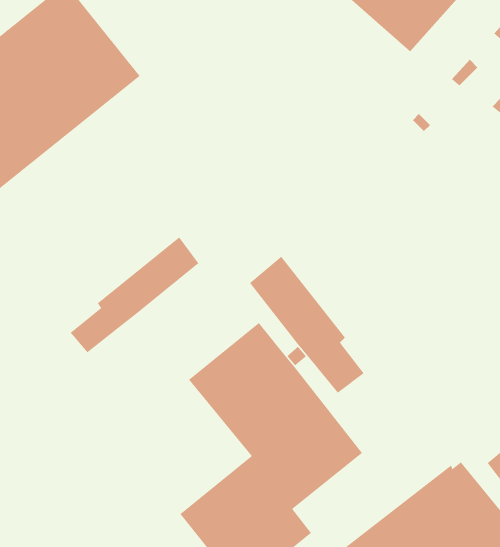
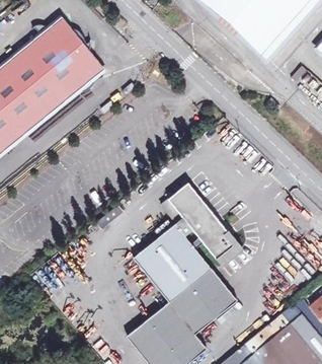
building: [70,237,199,353] -> none

